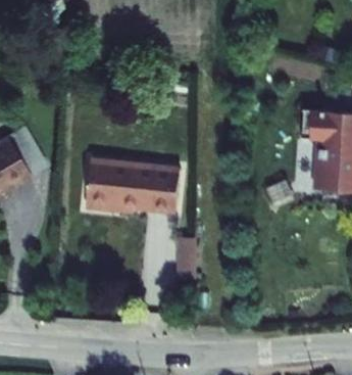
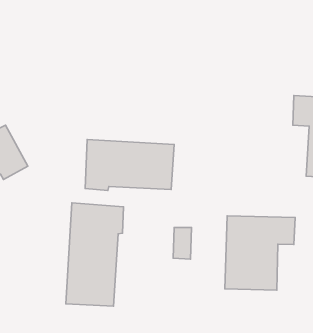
building: none -> [66,203,123,306]
building: none -> [225,216,295,290]

